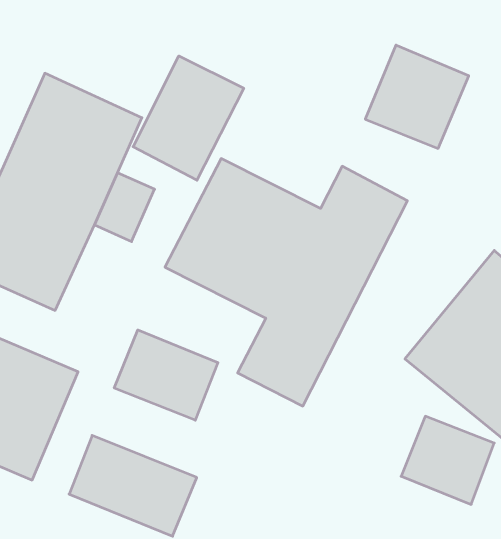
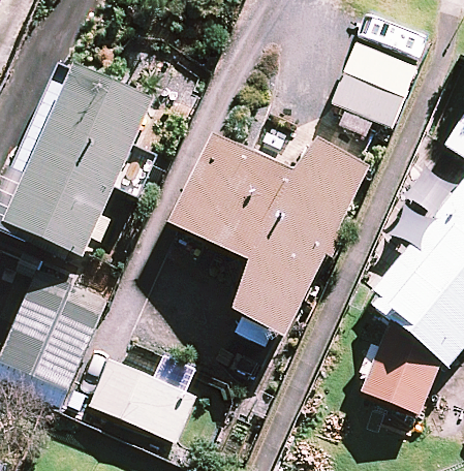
building: [133,56,244,180] -> none
building: [114,330,218,420] -> none

